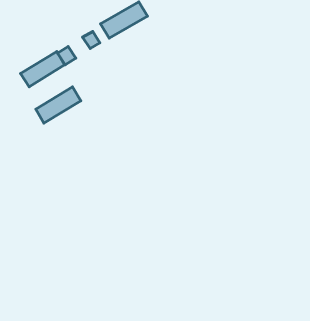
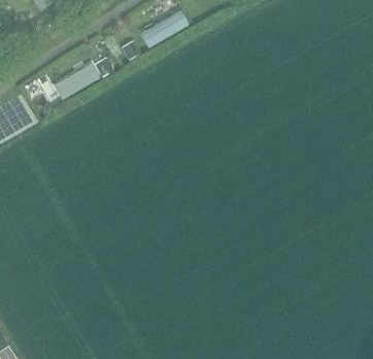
building: [36,87,81,123] -> none

